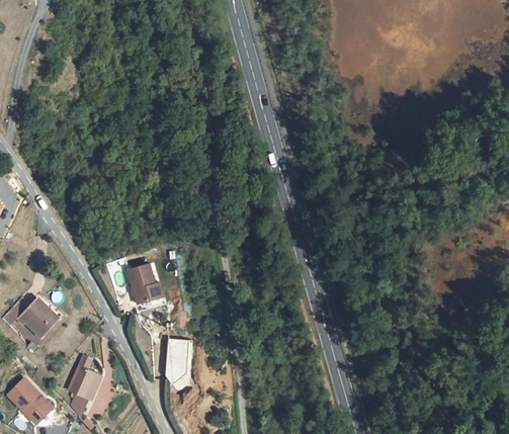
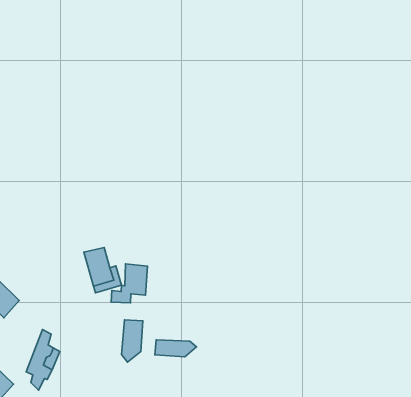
building: none -> [111,264,147,303]
building: none -> [155,340,197,357]

